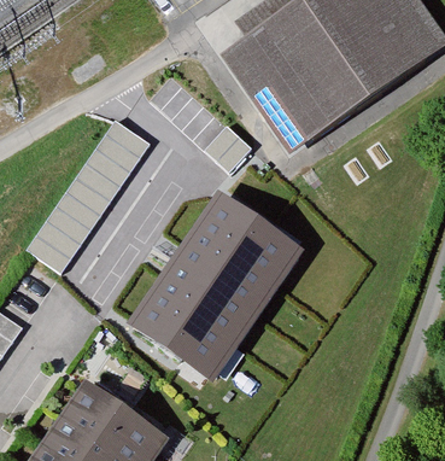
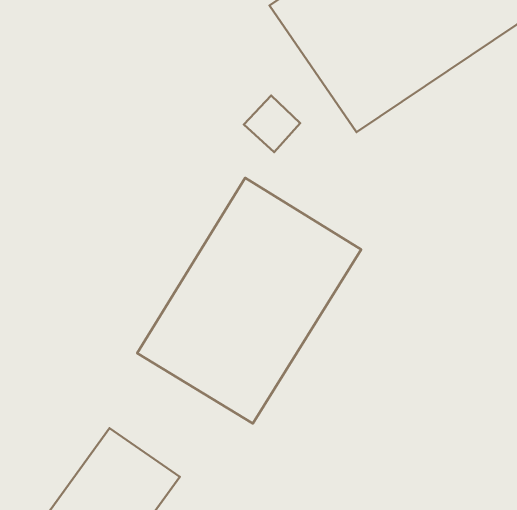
building: [29,115,147,272] -> none

